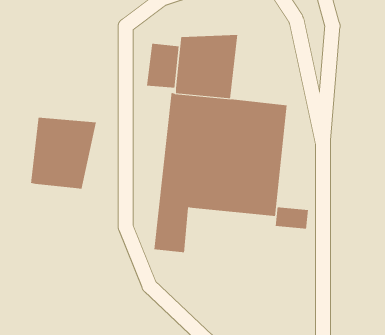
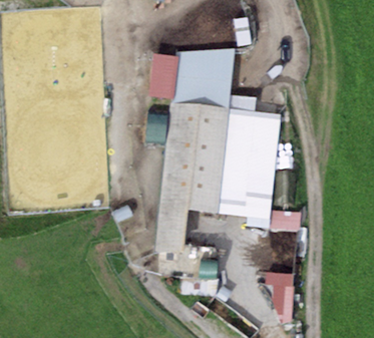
building: [30,117,97,190] -> none
building: none -> [271,277,296,316]

